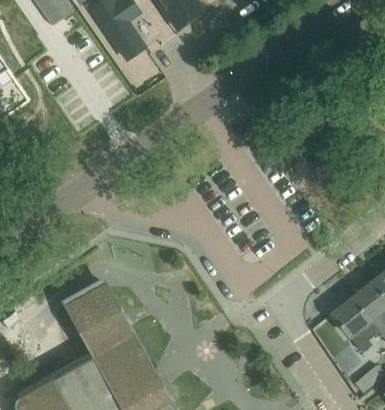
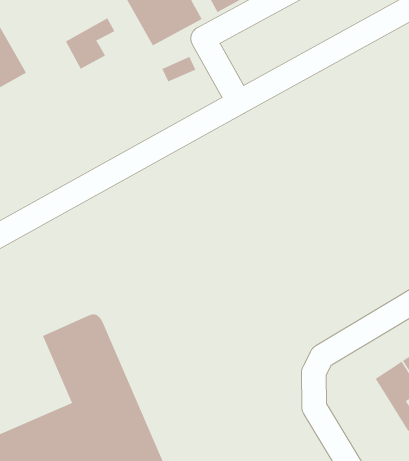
building: none -> [65,17,115,69]

